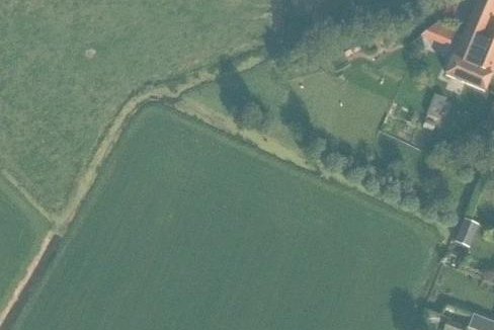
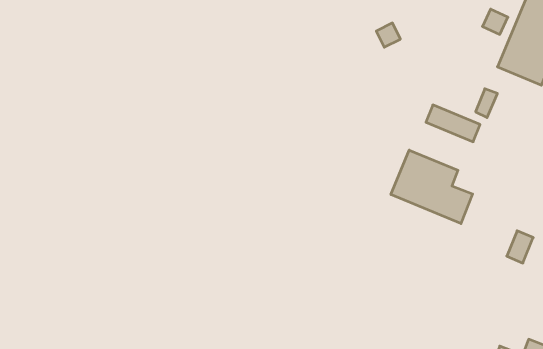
building: none -> [391,150,473,224]

